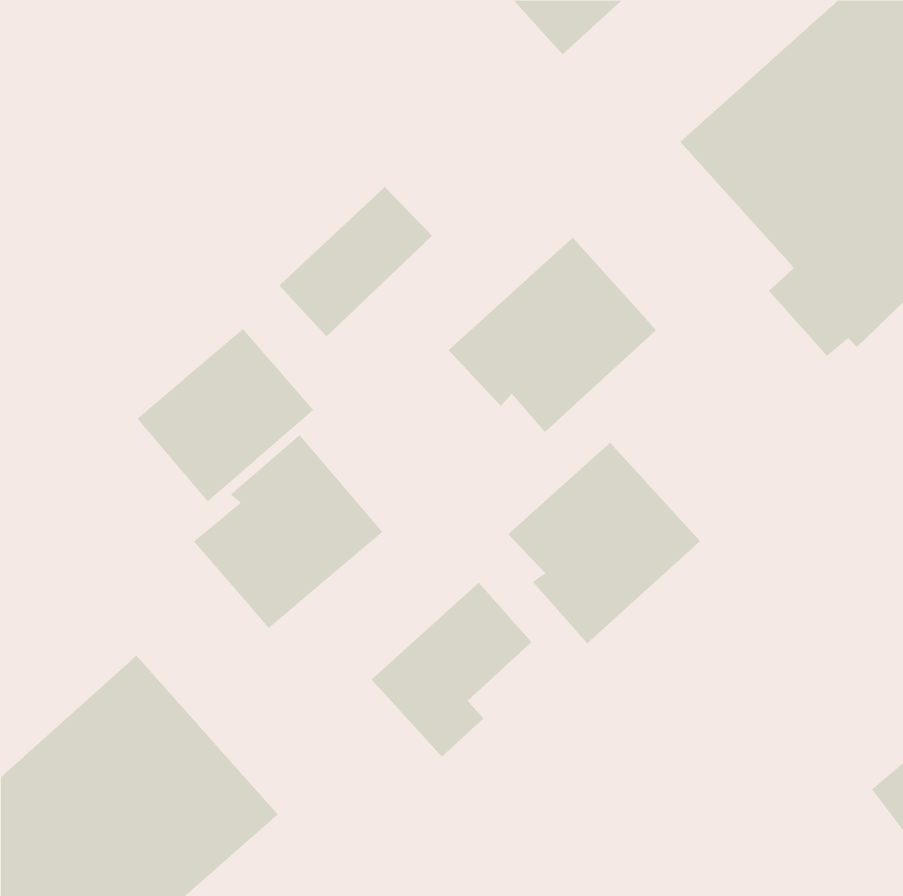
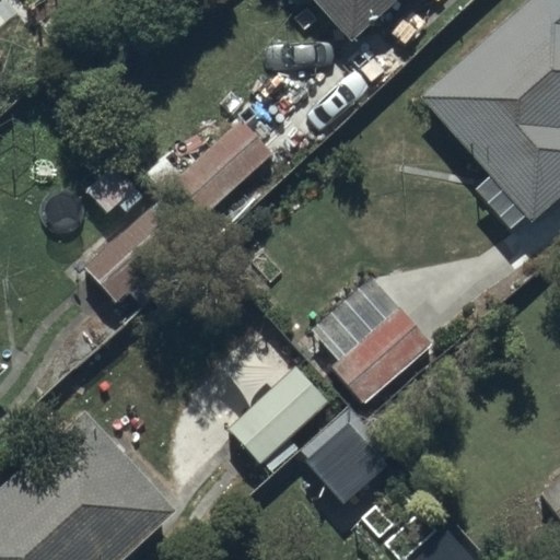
building: [448,237,657,433] -> none
building: [193,434,383,629] -> none

